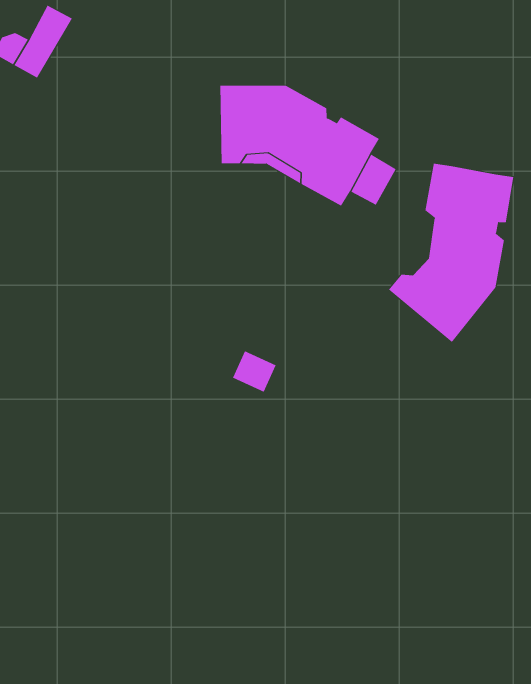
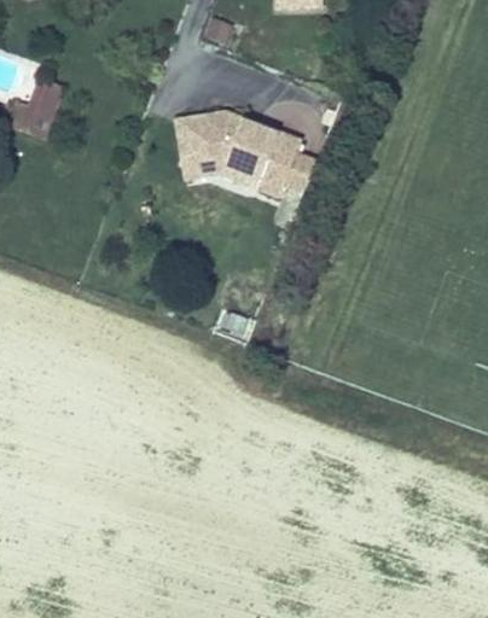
building: [388,163,514,343] -> none

